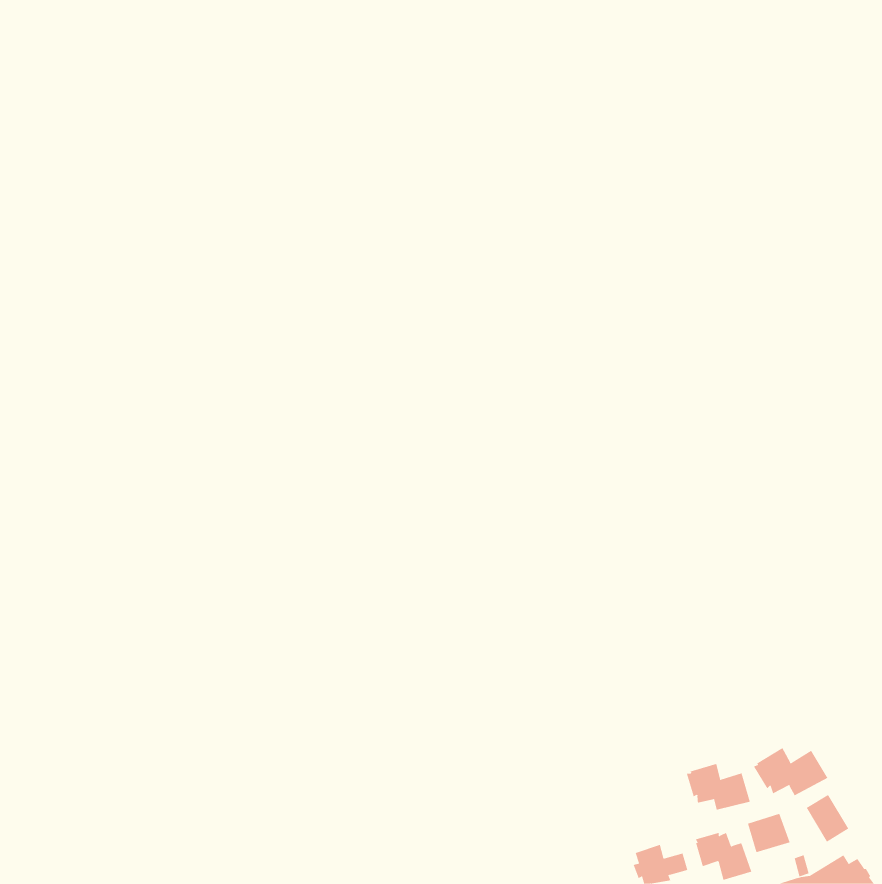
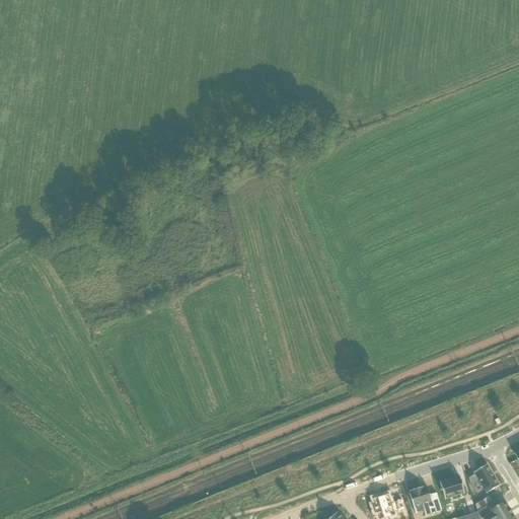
building: [753,747,828,796] -> none
building: [686,763,750,811] -> none

